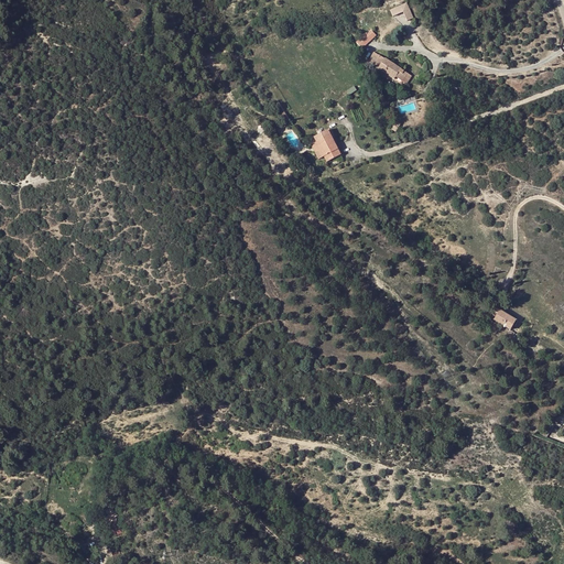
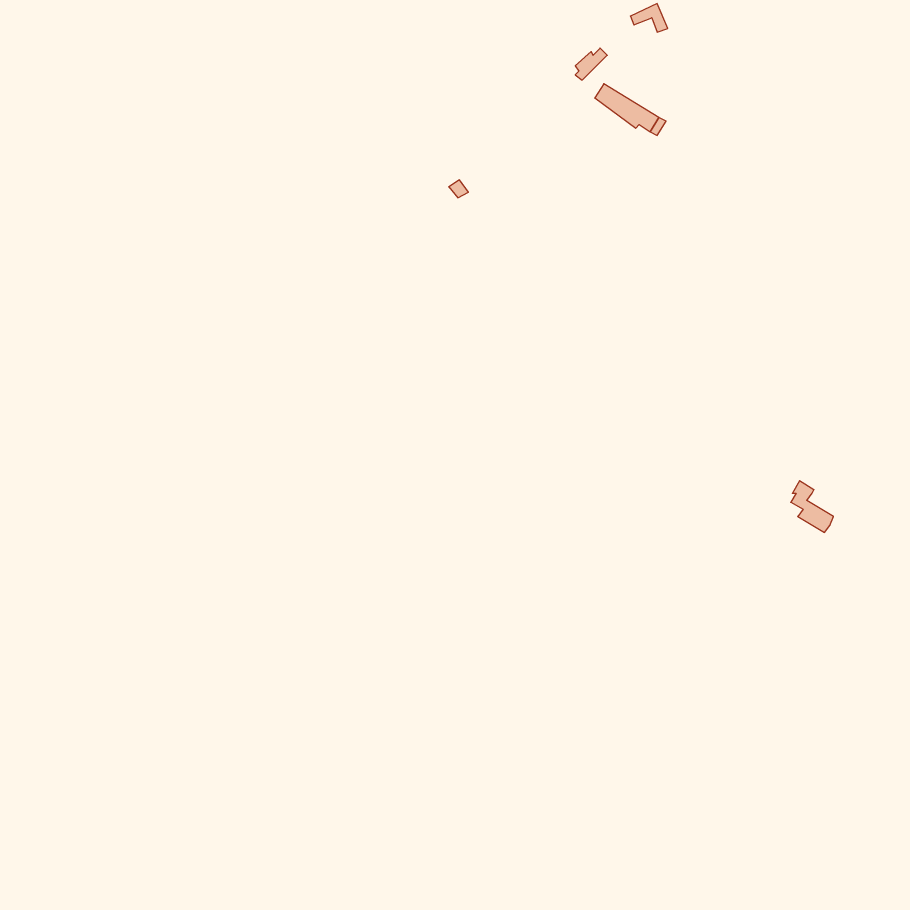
building: [311,129,340,161] -> none

